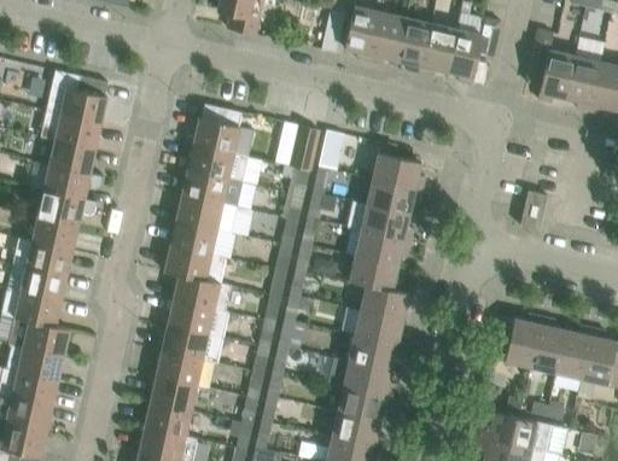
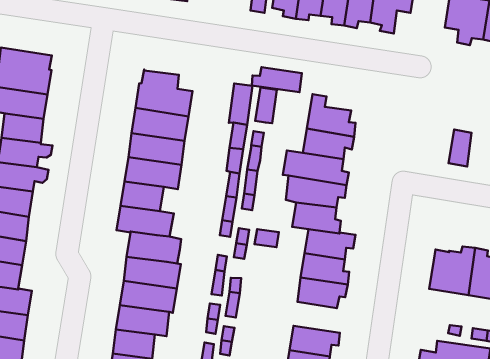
building: none -> [252,67,302,92]
building: [326,357,395,397] -> none

